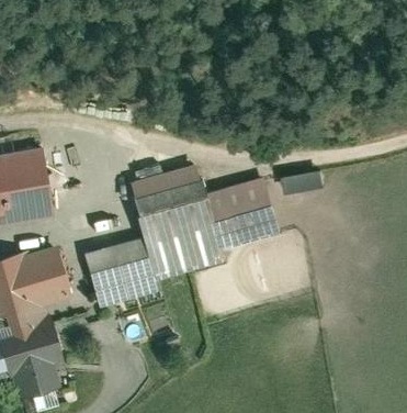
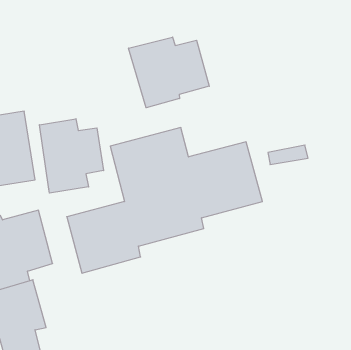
building: none -> [129,37,209,108]
building: none -> [39,119,104,193]

